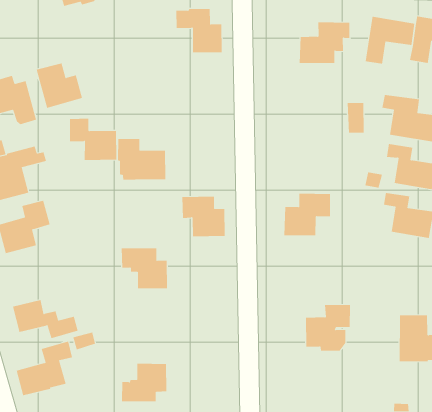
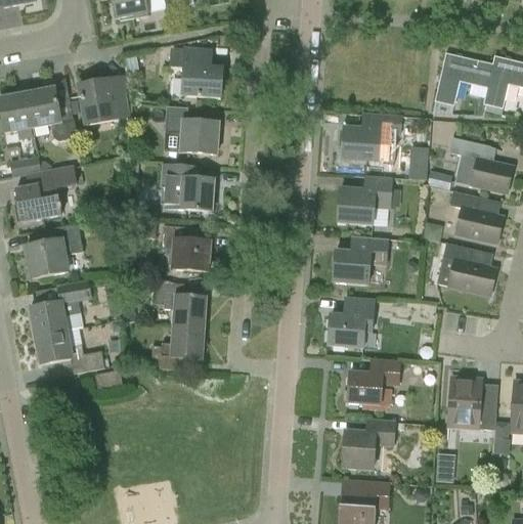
building: [175,8,222,53] -> [171,47,221,97]
building: [299,22,350,64] -> [341,113,399,159]
building: [69,118,117,161] -> [165,105,217,154]
building: none -> [337,176,391,224]
building: [182,196,225,237] -> [162,224,209,270]
building: none -> [329,298,373,347]
building: [16,341,73,396] -> [30,279,92,335]
building: none -> [343,420,393,470]
building: [121,363,167,402] -> [151,325,204,368]

